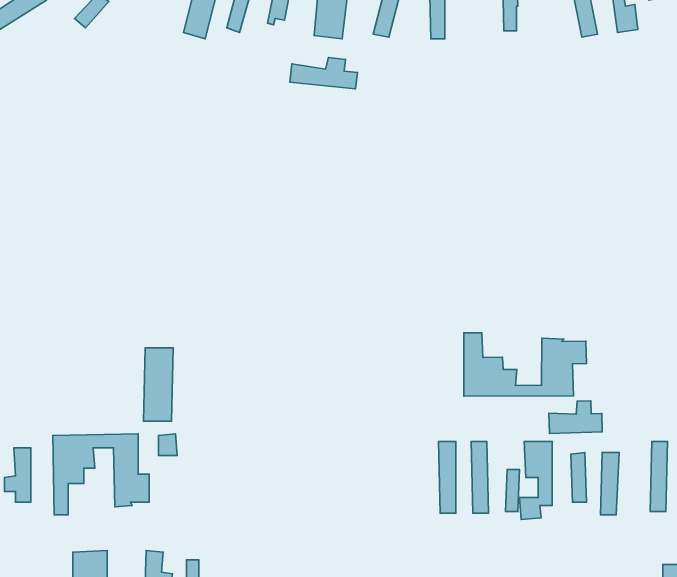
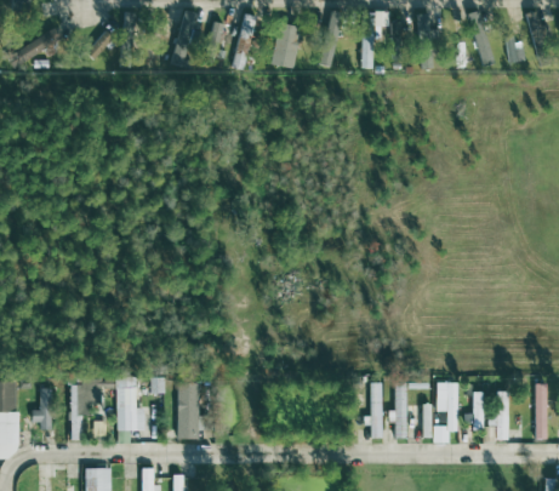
building: [290,58,357,89] -> none
building: [464,333,587,396] -> none
building: [144,348,173,421] -> [177,382,200,439]
building: [549,401,602,434] -> none

